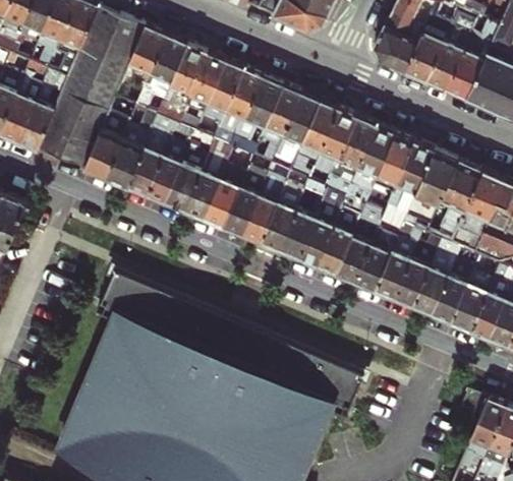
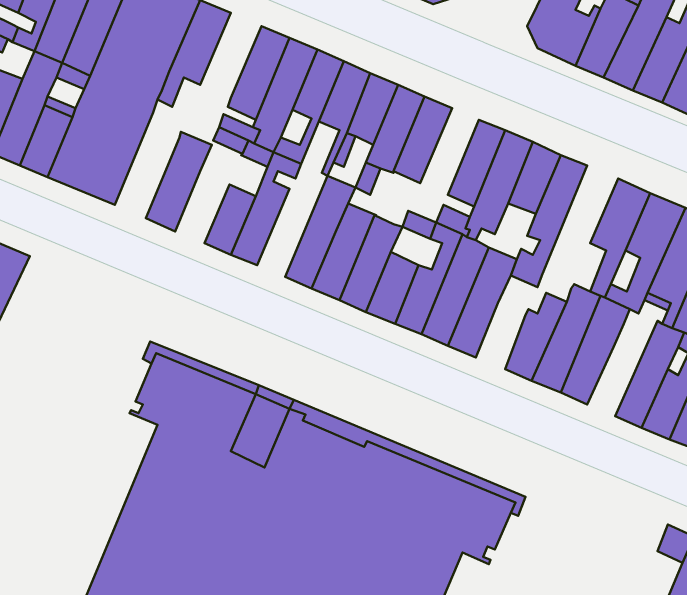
building: [136,38,187,111] -> none
building: [297,104,338,164] -> none
building: [86,107,130,180] -> none
building: [184,142,233,221] -> none
building: [382,143,435,229] -> none
building: [127,147,165,197] -> none
building: [336,239,370,285] -> none
building: [413,243,462,317] -> none

